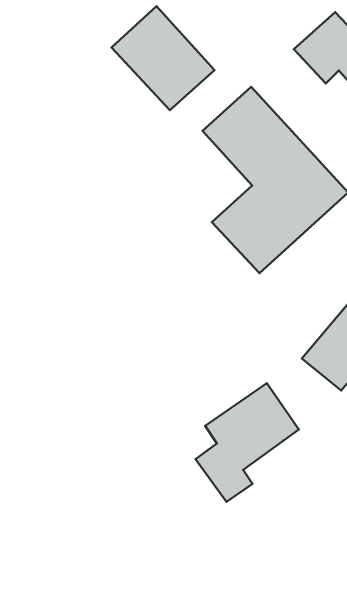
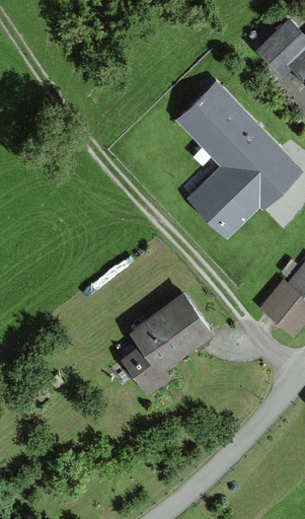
building: [112,6,215,110] -> none
building: [196,383,299,502] -> [123,295,211,396]

